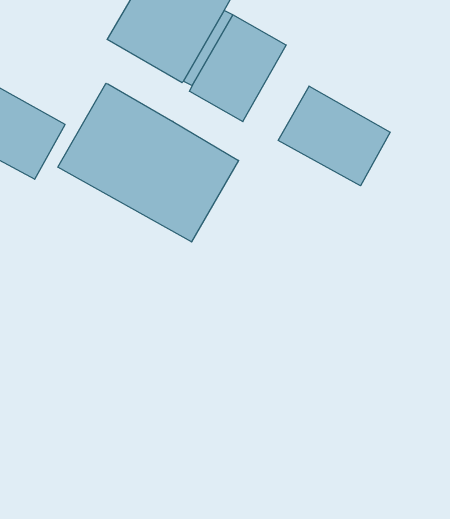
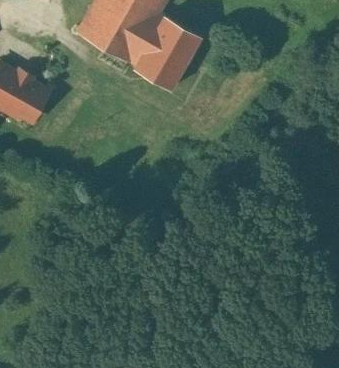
building: [58,83,239,242] -> none
building: [278,86,390,186] -> none

